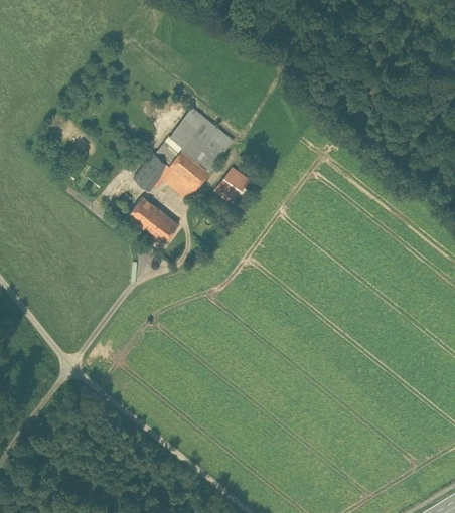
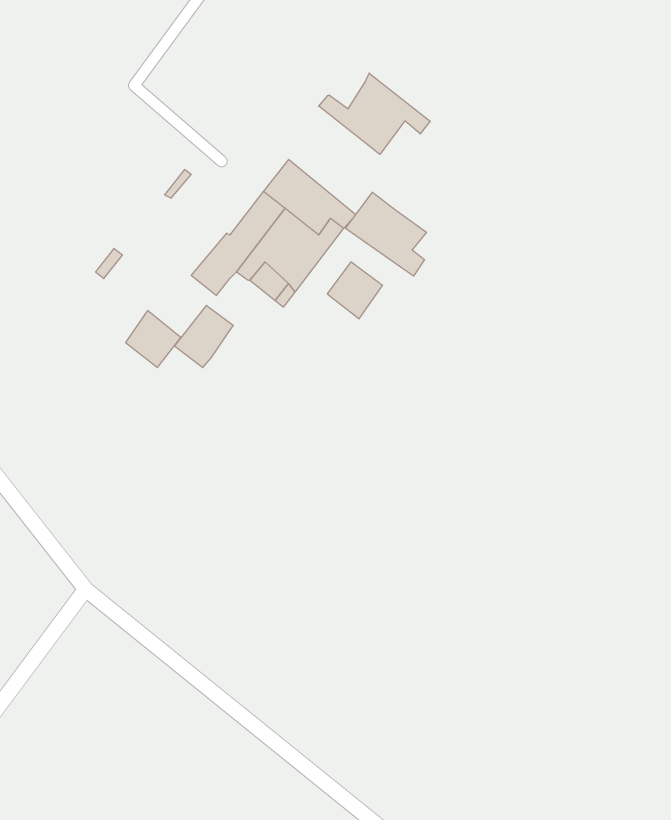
building: none -> [319,73,430,154]
building: none -> [346,192,426,276]
building: [146,208,179,242] -> [126,311,181,368]

